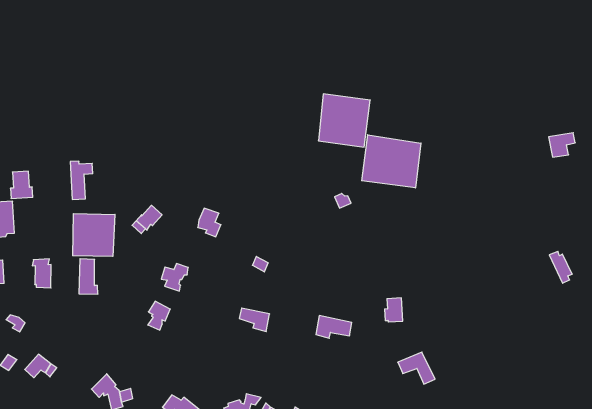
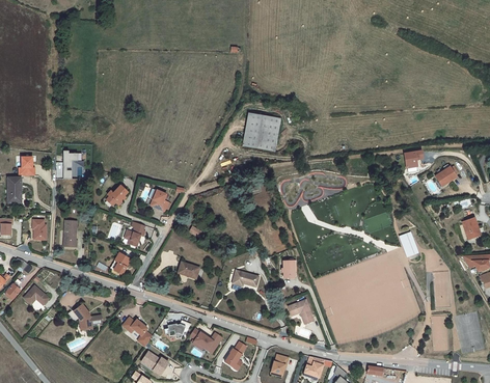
building: [362,135,421,188] -> none
building: [73,214,115,256] -> none

